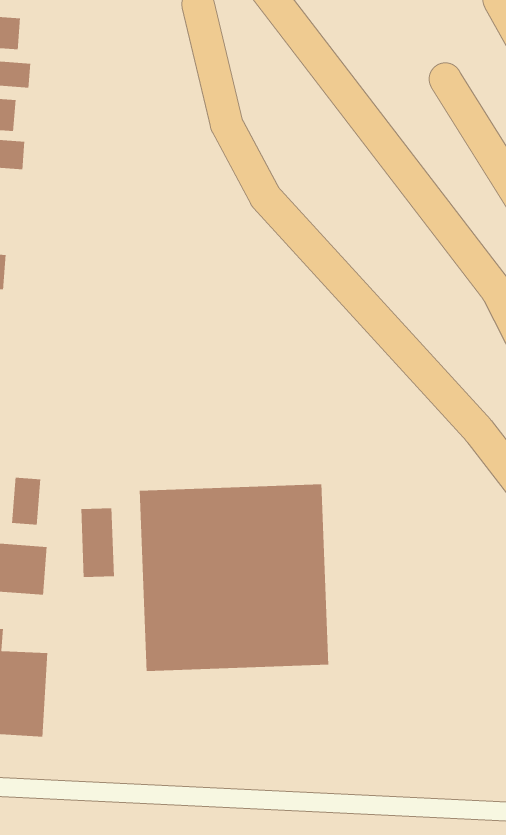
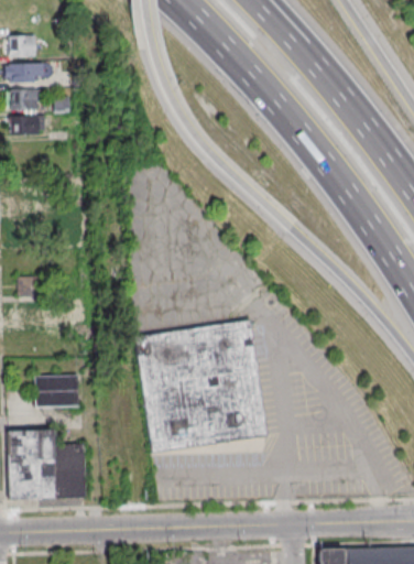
building: [11,477,41,526] -> none
building: [80,507,115,578] -> none

